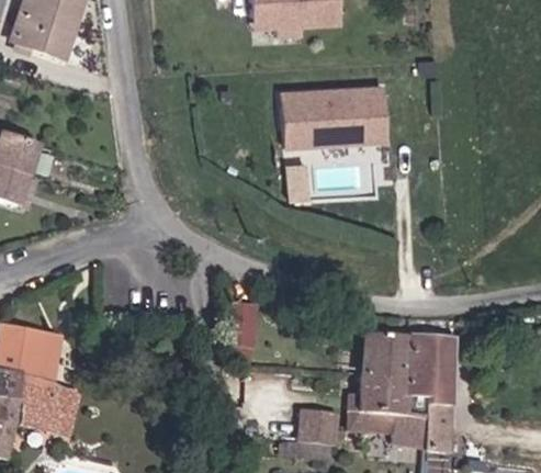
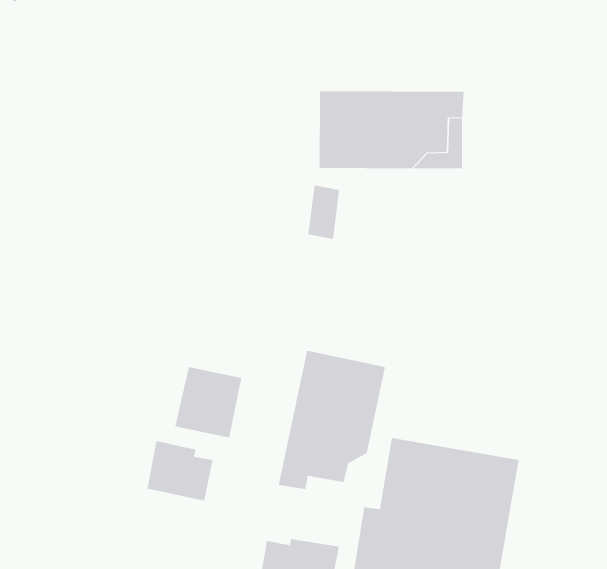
building: none -> [278,350,386,490]
building: none -> [147,440,213,501]

